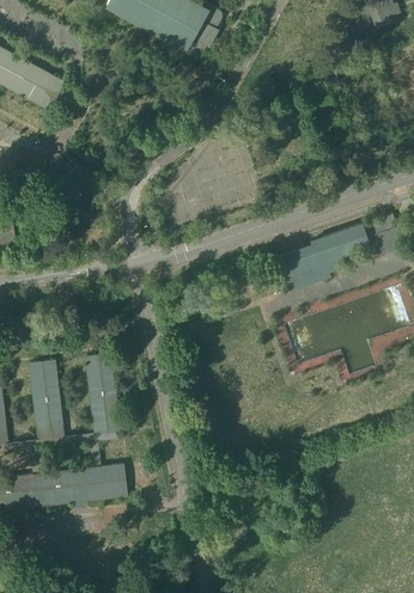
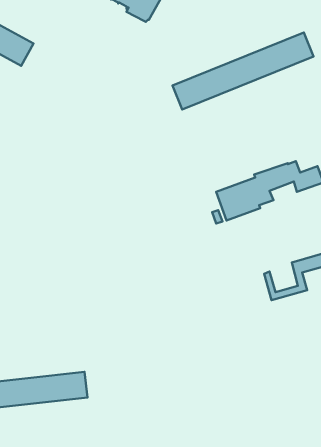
building: none -> [172,32,314,110]
building: [84,353,121,433] -> none
building: [30,360,69,441] -> none

